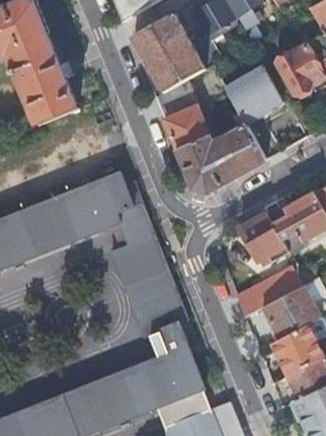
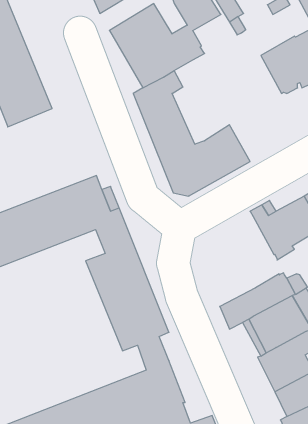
building: [222,65,280,123] -> none
building: [238,211,289,261] -> none

